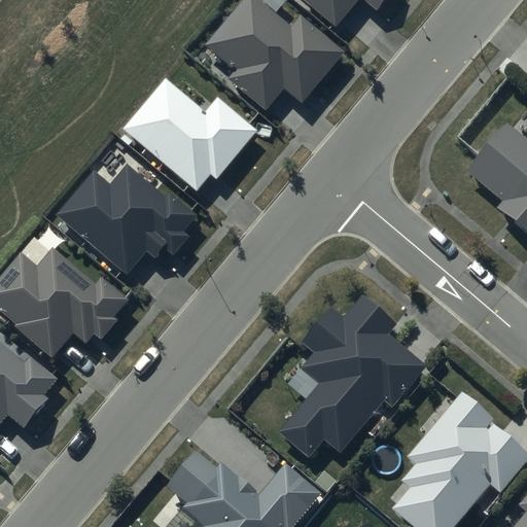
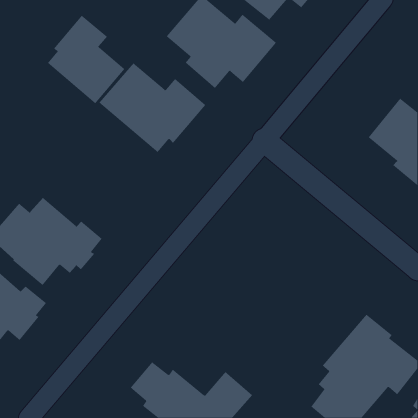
building: none -> [47,15,125,104]
building: [59,166,199,275] -> none
building: [276,296,423,459] -> none

